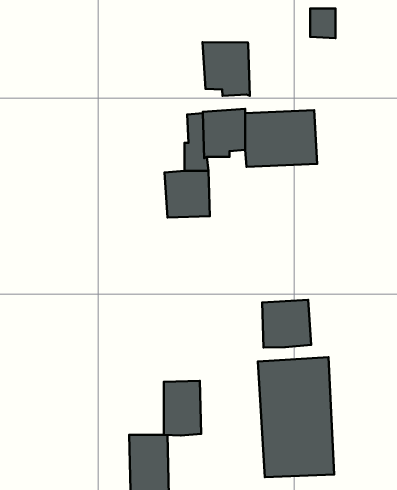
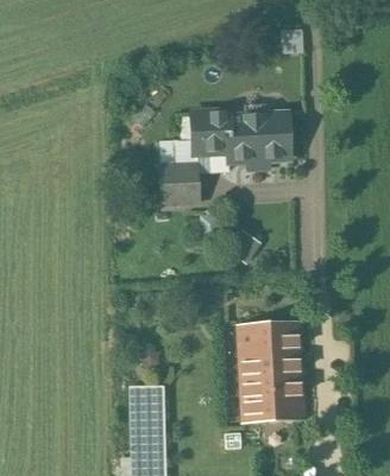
building: [203,42,250,96] -> none
building: [262,300,311,348] -> none
building: [164,381,201,435] -> none

